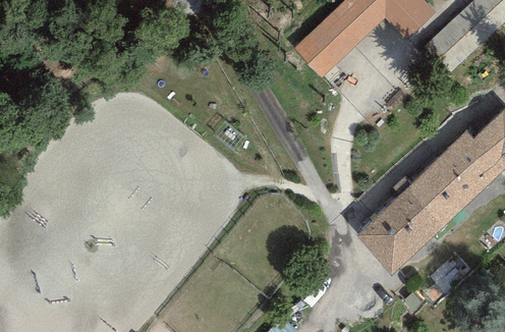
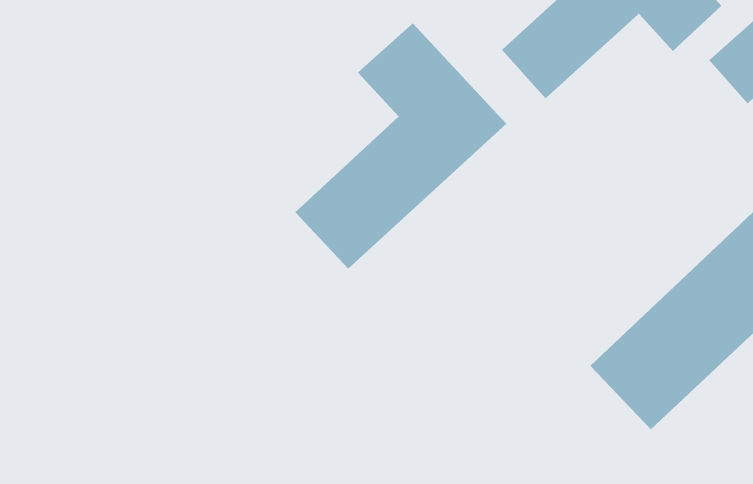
building: none -> [295,22,507,269]

